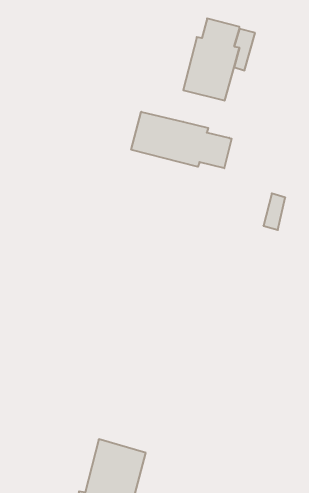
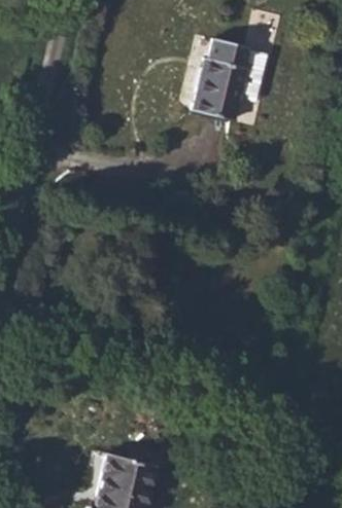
building: [131,112,232,168] -> none

